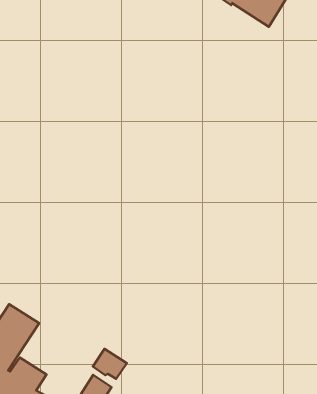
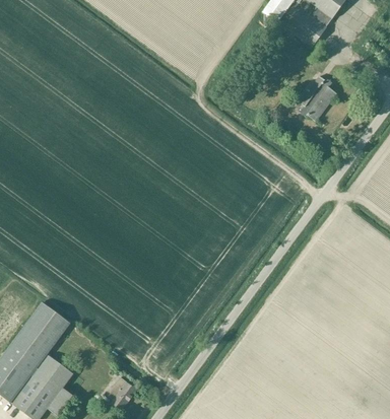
building: none -> [300,75,336,121]
building: [93,349,127,379] -> none

